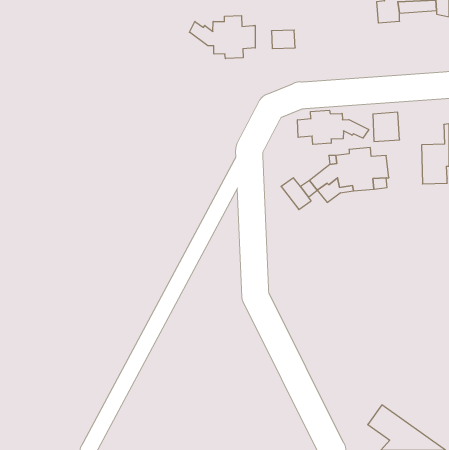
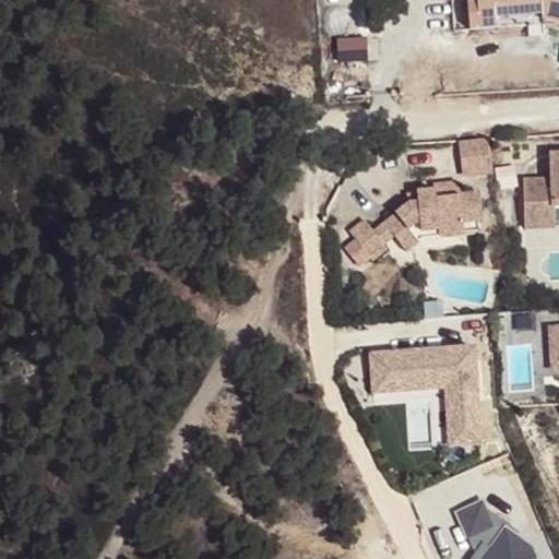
building: [189,16,255,59] -> none
building: [298,110,369,144] -> none
building: none -> [371,345,491,443]

